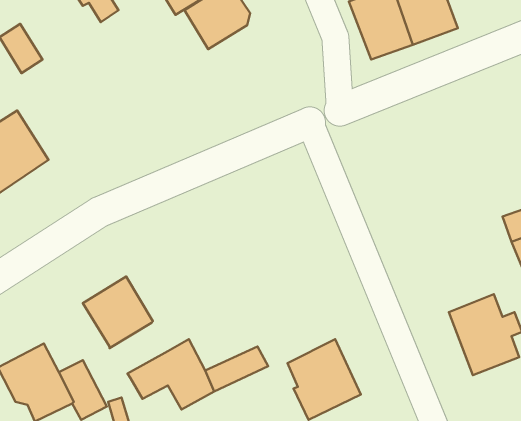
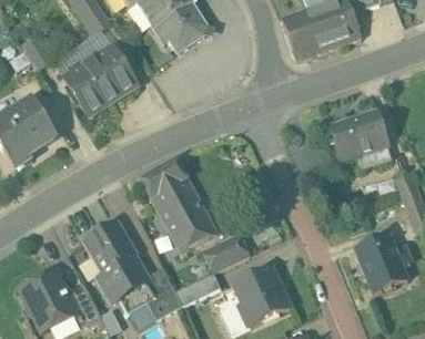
building: none -> [63,45,136,115]
building: none -> [330,111,388,162]
building: none -> [142,160,215,250]
building: none -> [203,233,249,271]
building: none -> [95,255,146,300]

